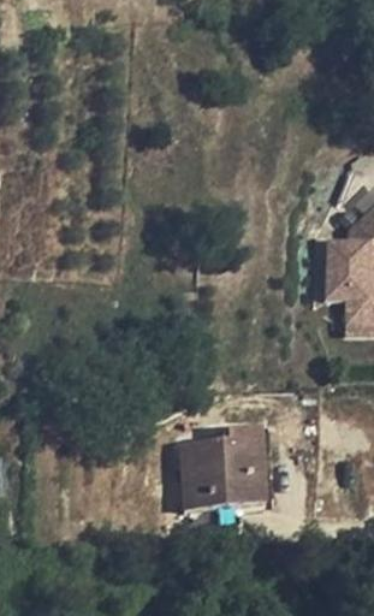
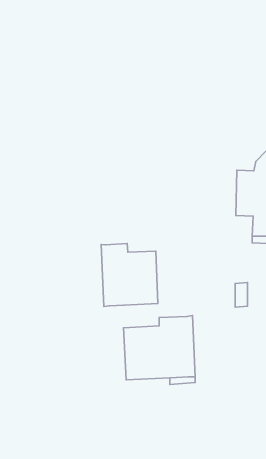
building: none -> [101,244,158,306]

